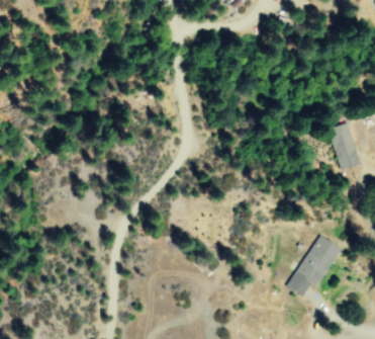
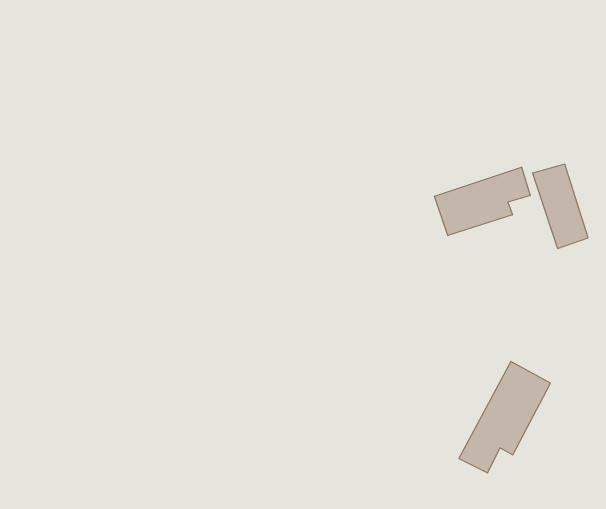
building: none -> [435,167,530,236]

